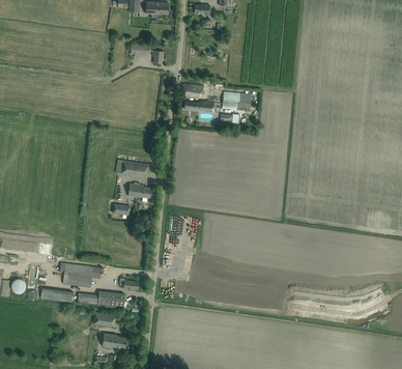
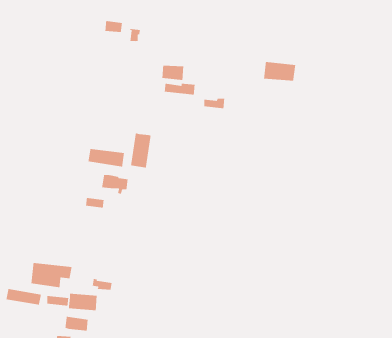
building: [222,92,252,111] -> [263,61,296,82]
building: none -> [130,133,152,169]

